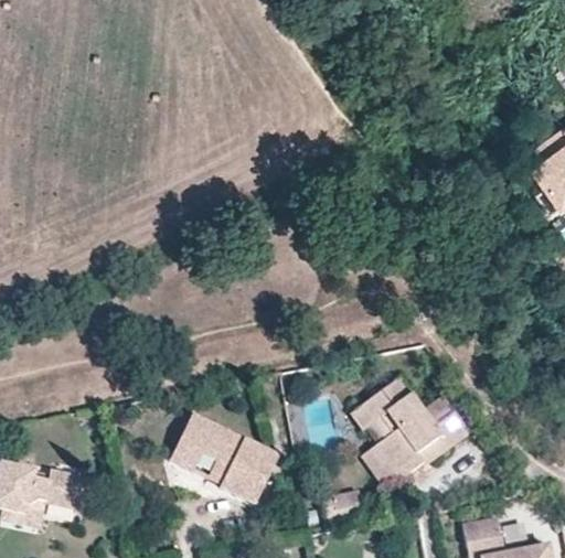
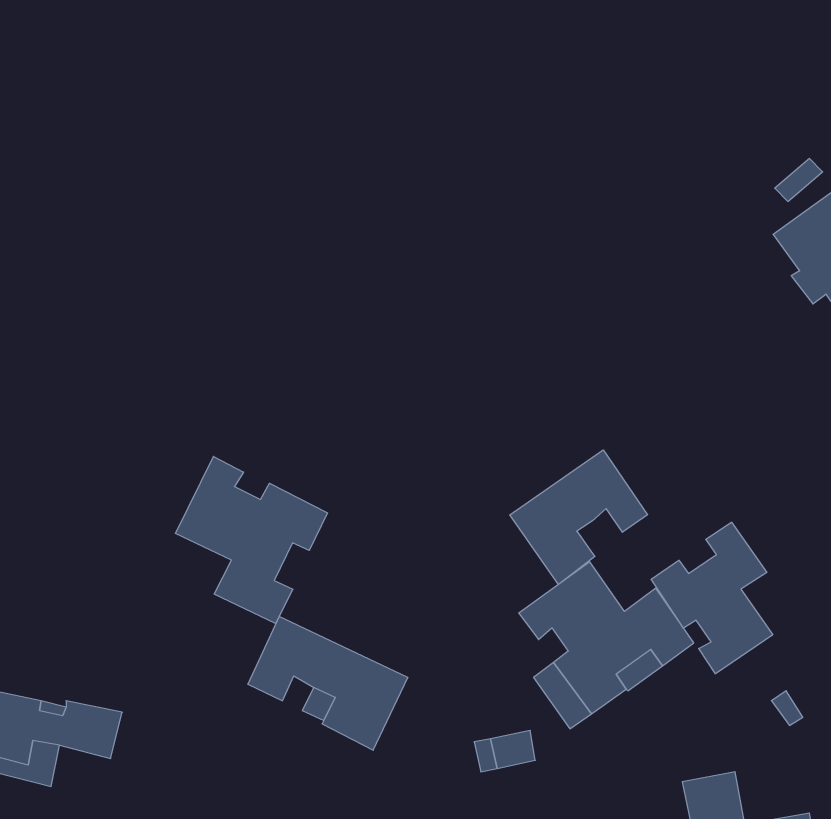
building: none -> [510,450,648,584]
building: none -> [175,456,328,623]
building: none -> [651,522,773,674]

